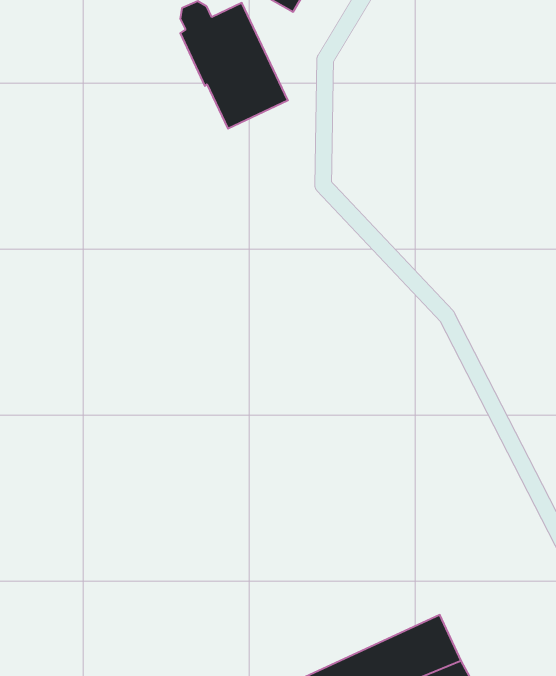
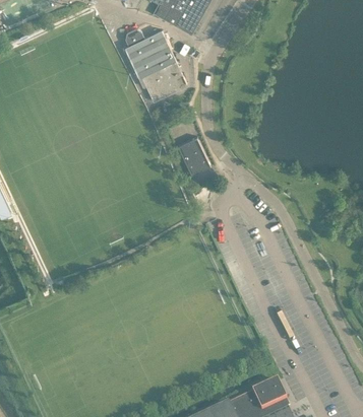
building: none -> [177,137,209,175]

